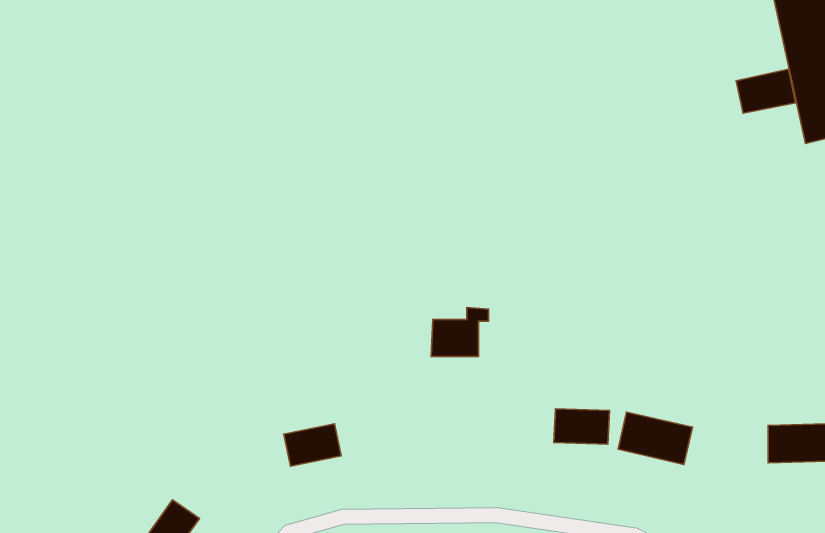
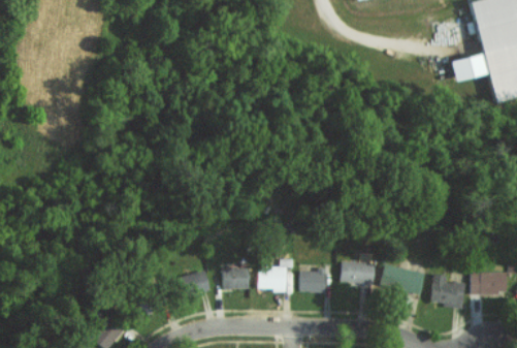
building: [431,308,489,357] -> [257,258,292,288]
building: none -> [222,267,249,288]
building: none -> [299,270,325,292]
building: none -> [431,274,464,306]

